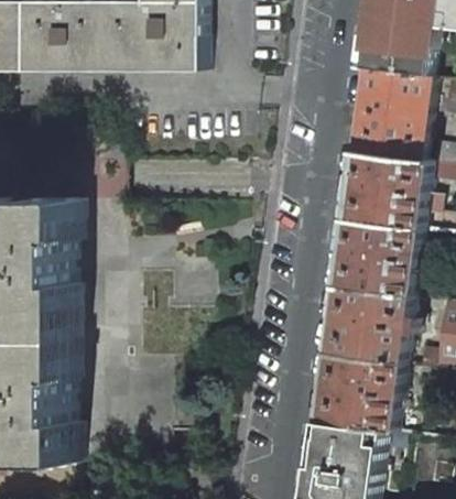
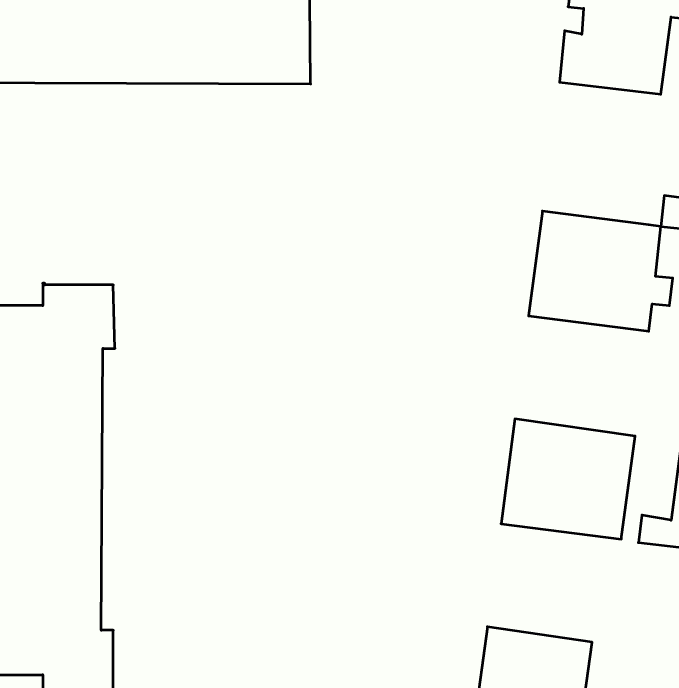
building: [349,68,428,160] -> none
building: [332,218,417,295] -> none
building: [314,351,400,430] -> none

